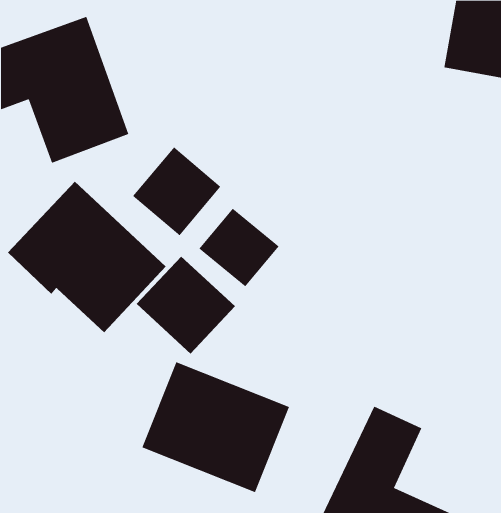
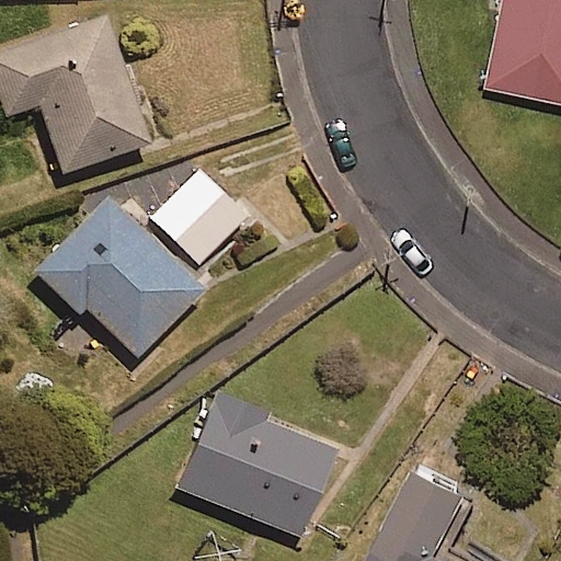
building: [199,208,280,287] -> none
building: [136,256,236,354] -> none

